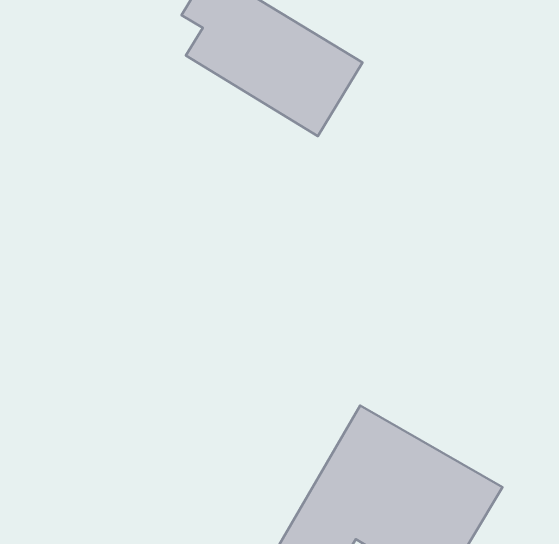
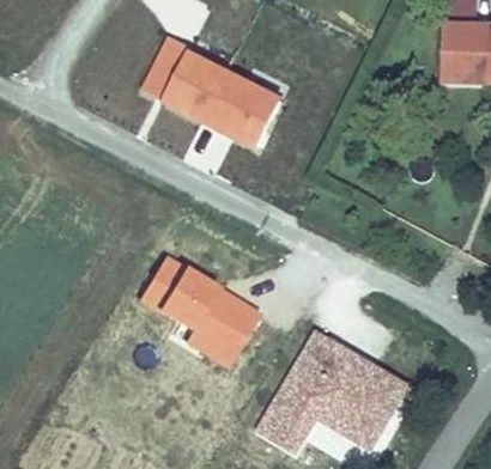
building: none -> [135,254,259,367]

